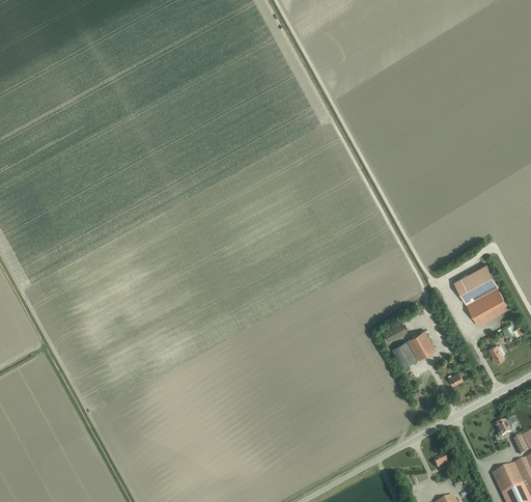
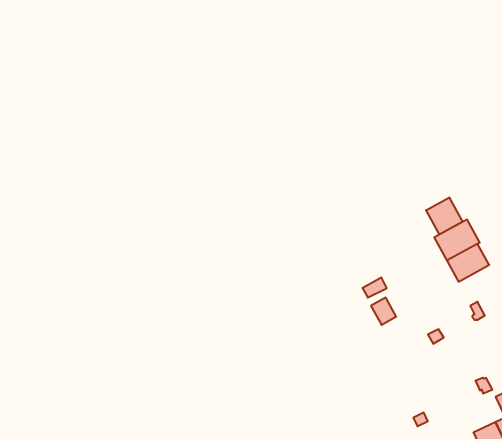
building: none -> [426,197,463,235]
building: [408,331,436,359] -> none

